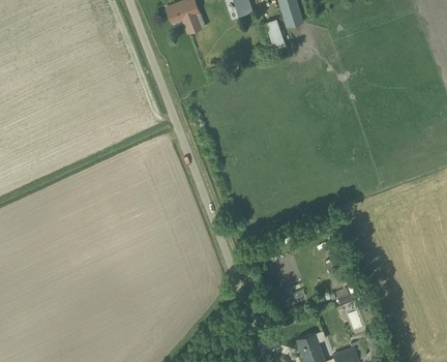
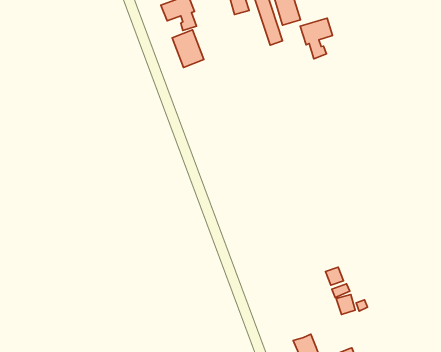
building: none -> [300,18,332,59]
building: none -> [172,30,204,68]

